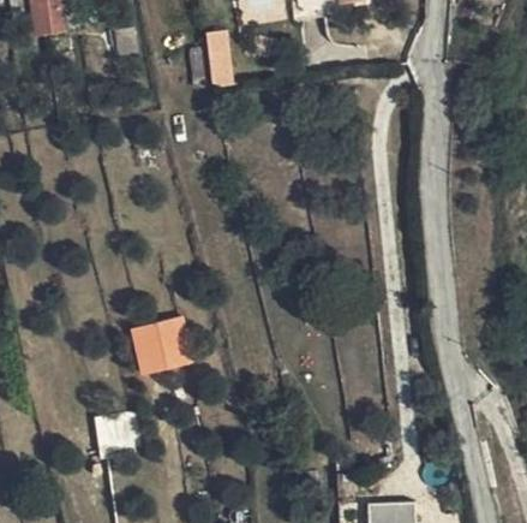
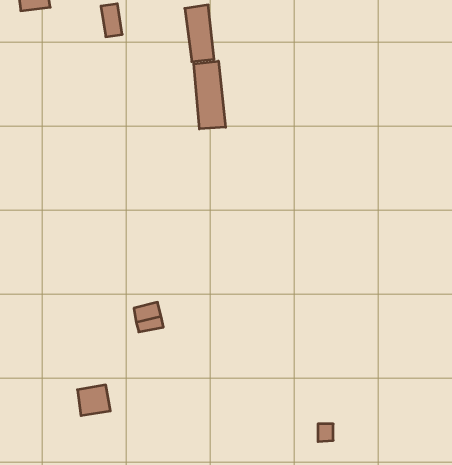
building: none -> [194,61,226,129]

